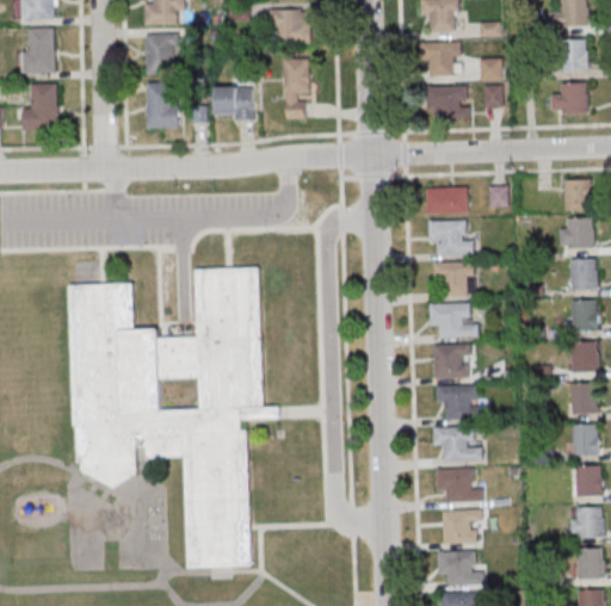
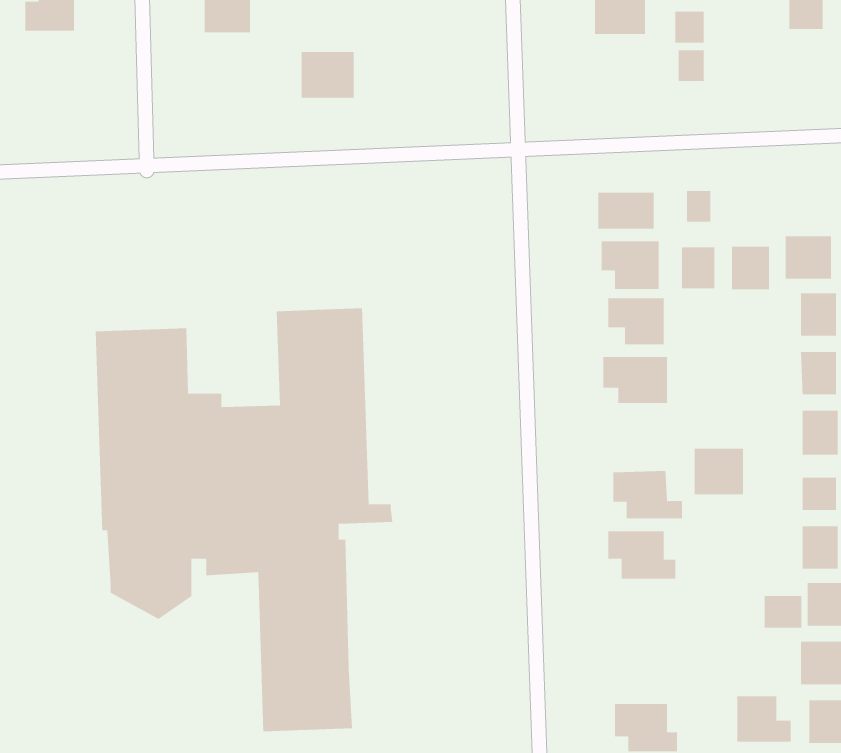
building: [284,58,309,118] -> none
building: [146,81,178,126] -> none
building: [23,82,57,129] -> none
building: [551,82,588,112] -> none
building: [427,85,469,118] -> none
building: [563,178,591,209] -> [731,246,770,290]
building: none -> [682,247,715,289]
building: [433,344,469,377] -> [694,448,744,495]
building: [436,468,483,502] -> none
building: none -> [764,595,802,628]
building: [442,509,481,543] -> none
building: none -> [737,696,791,742]

